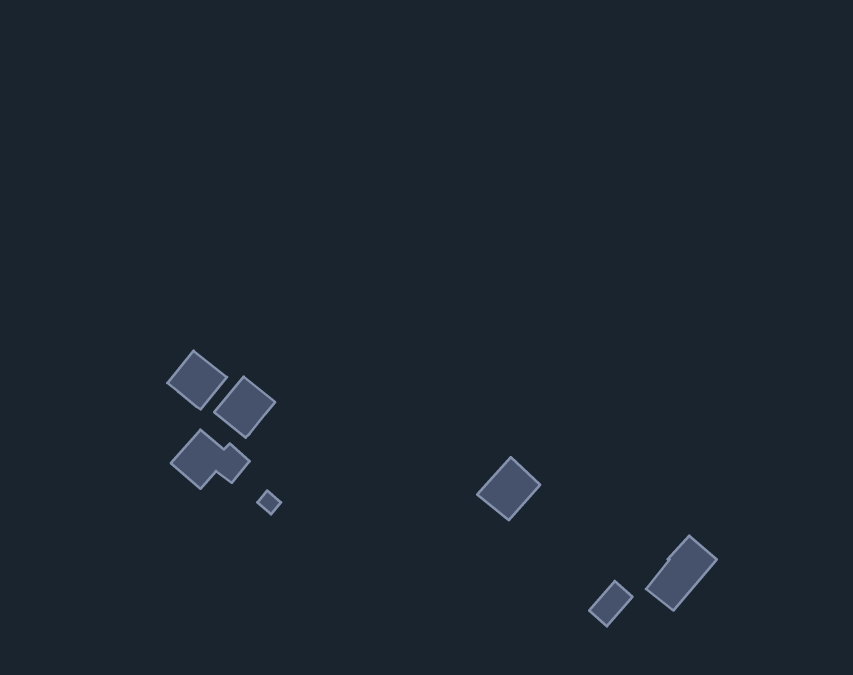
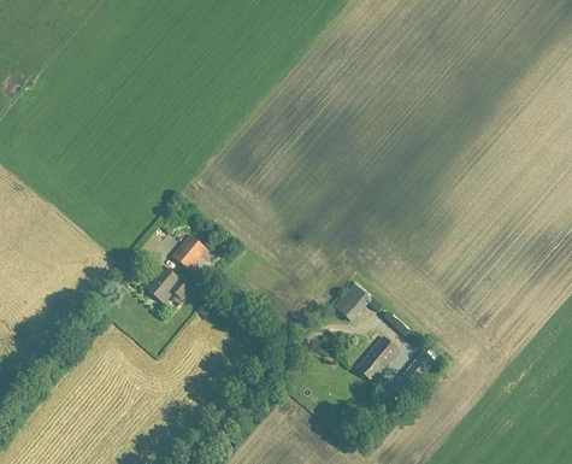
building: [167,351,227,409] -> none
building: [646,536,717,610] -> [358,336,401,382]

